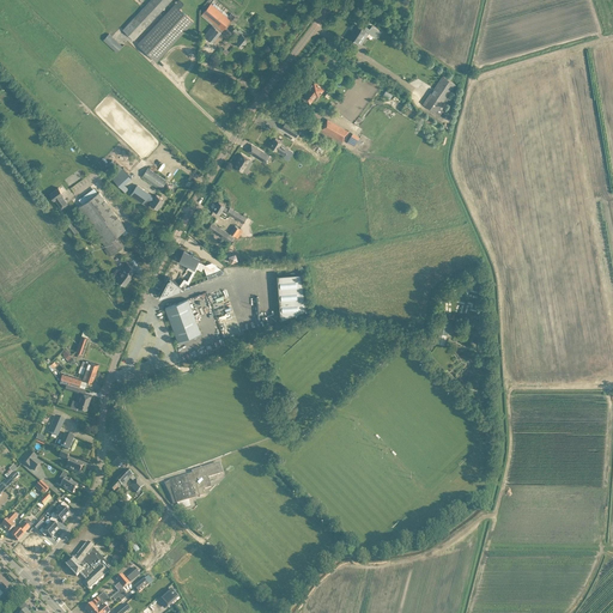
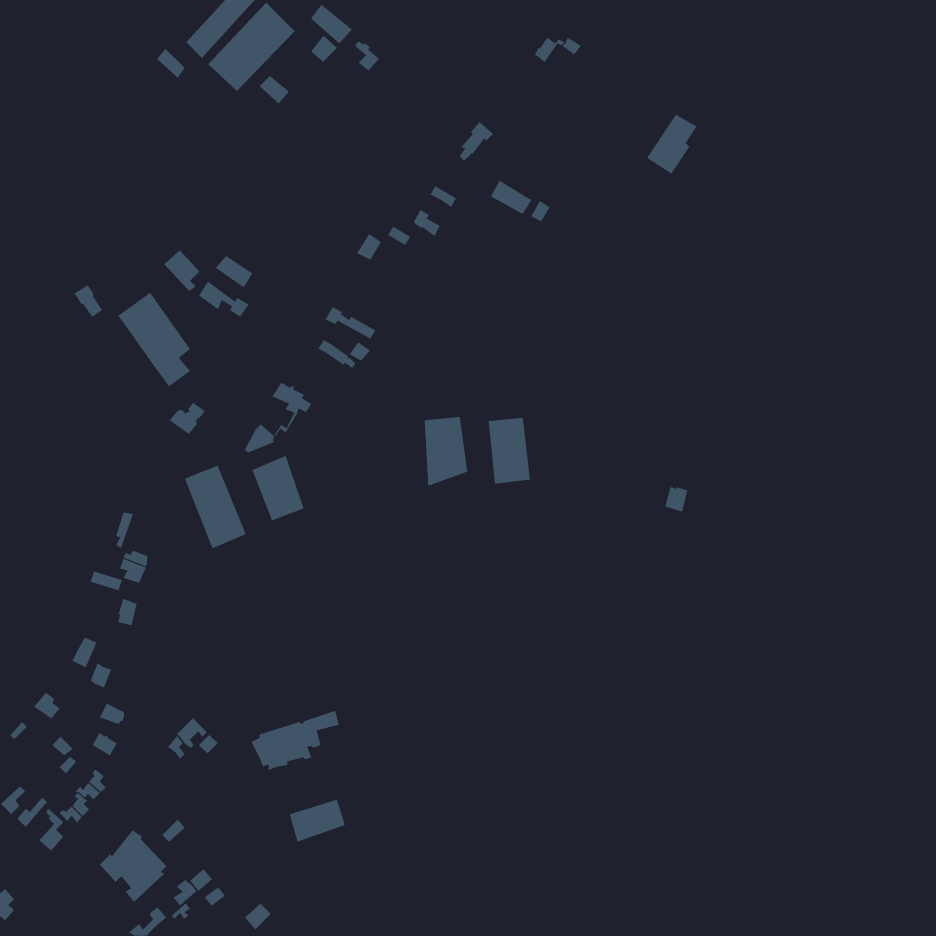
building: none -> [488,417,531,485]
building: none -> [184,465,246,549]
building: none -> [289,799,346,843]

